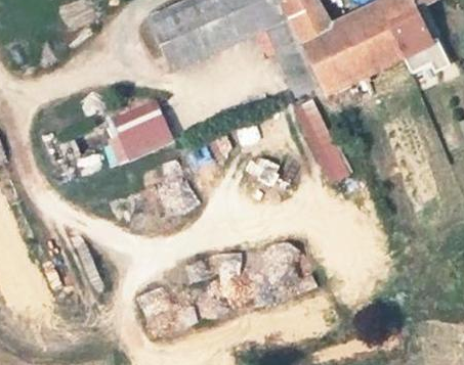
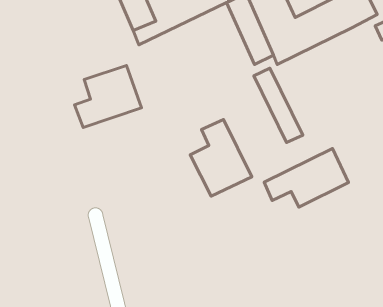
building: none -> [190,120,252,196]
building: none -> [264,148,348,207]

